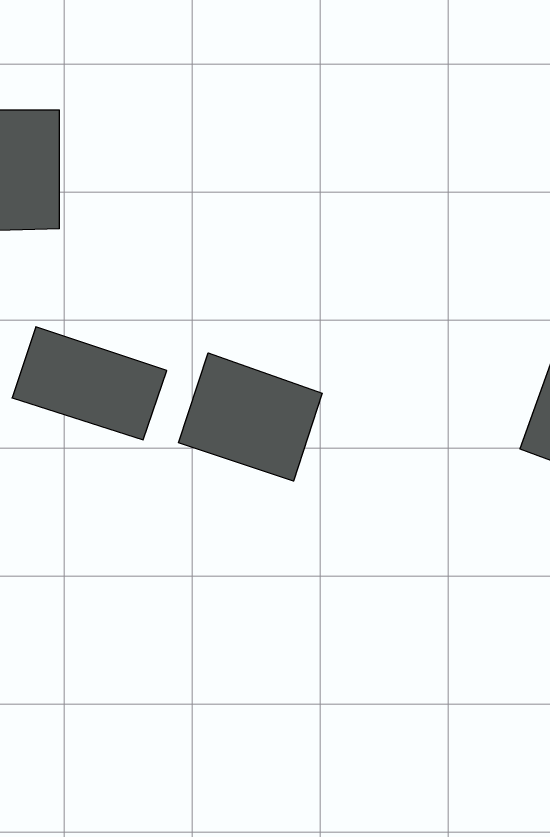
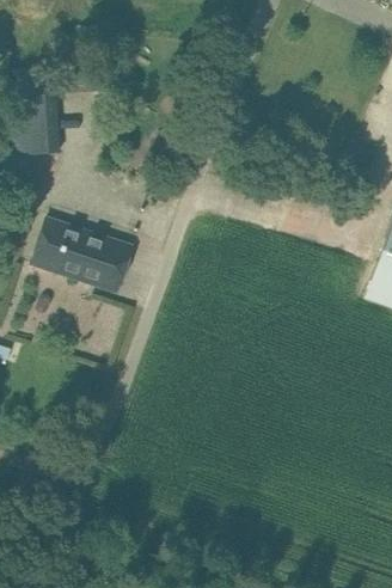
building: [178,353,322,481] -> none

